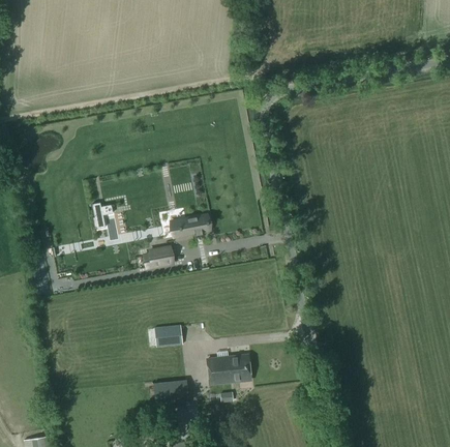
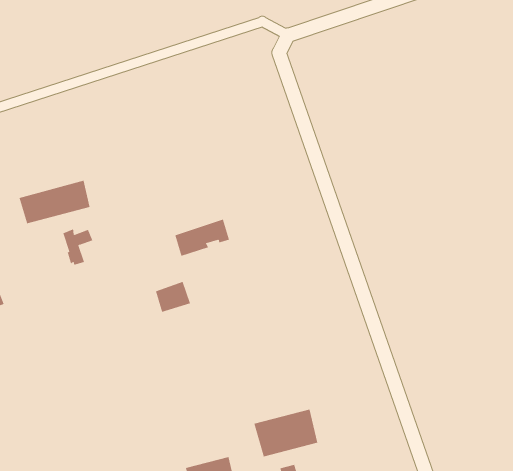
building: none -> [19,180,90,224]
building: [154,325,182,347] -> none

